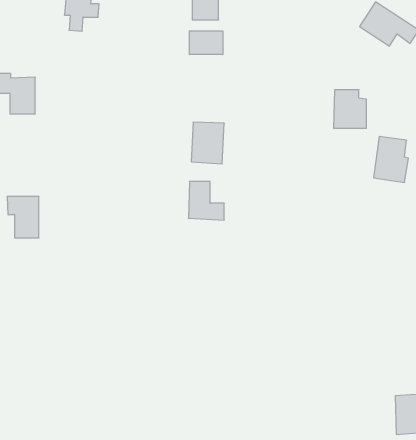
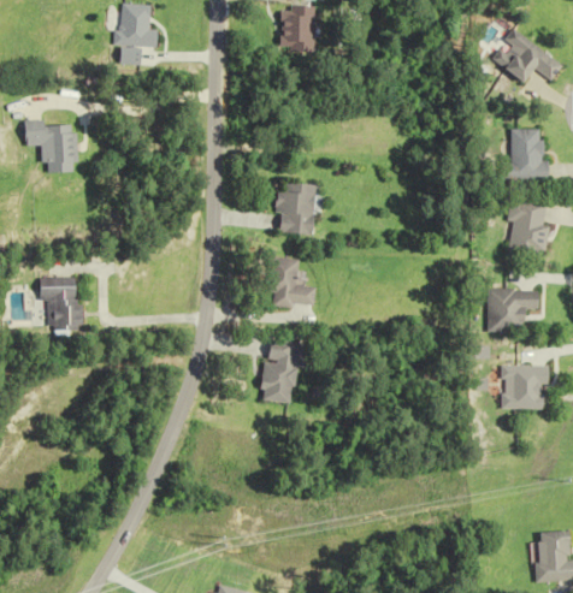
building: [189,31,223,55] -> none
building: [334,90,366,128] -> [510,130,553,179]
building: none -> [489,290,543,326]
building: none -> [262,340,299,403]
building: none -> [508,367,549,409]

